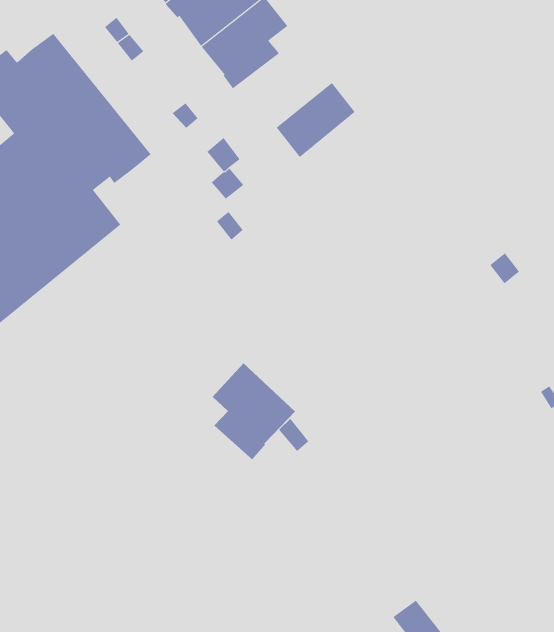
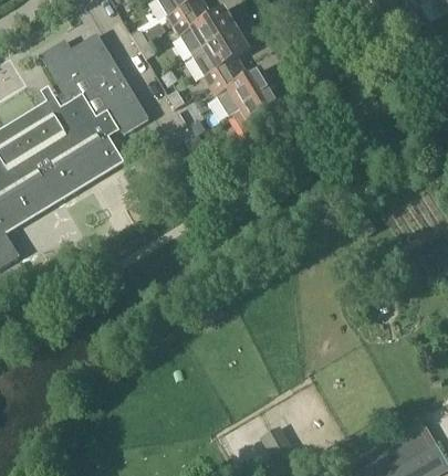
building: none -> [207,65,271,115]
building: [212,363,296,460] -> none

